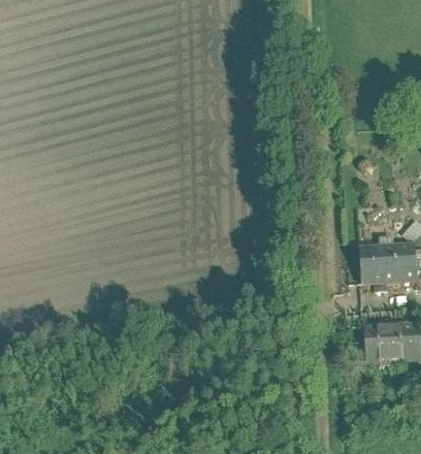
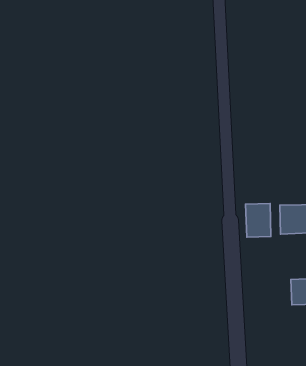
building: none -> [246,203,271,237]

